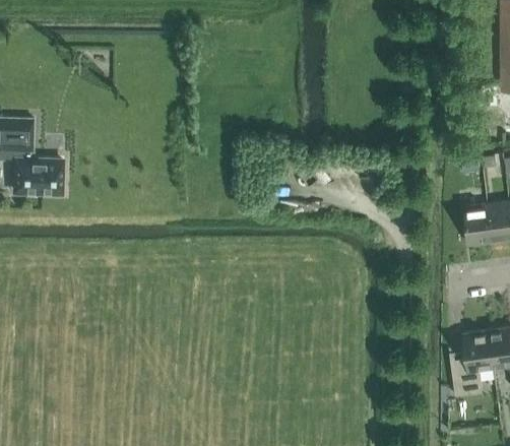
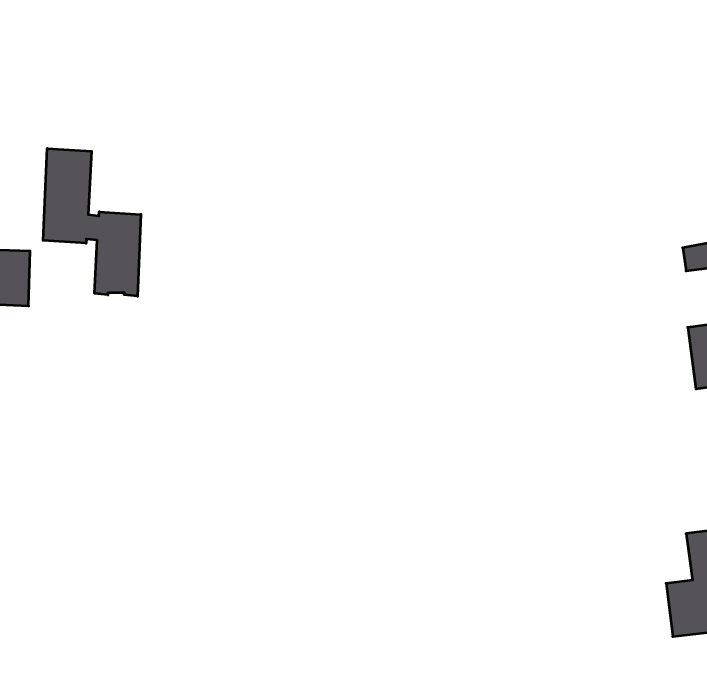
building: none -> [43,148,141,296]

